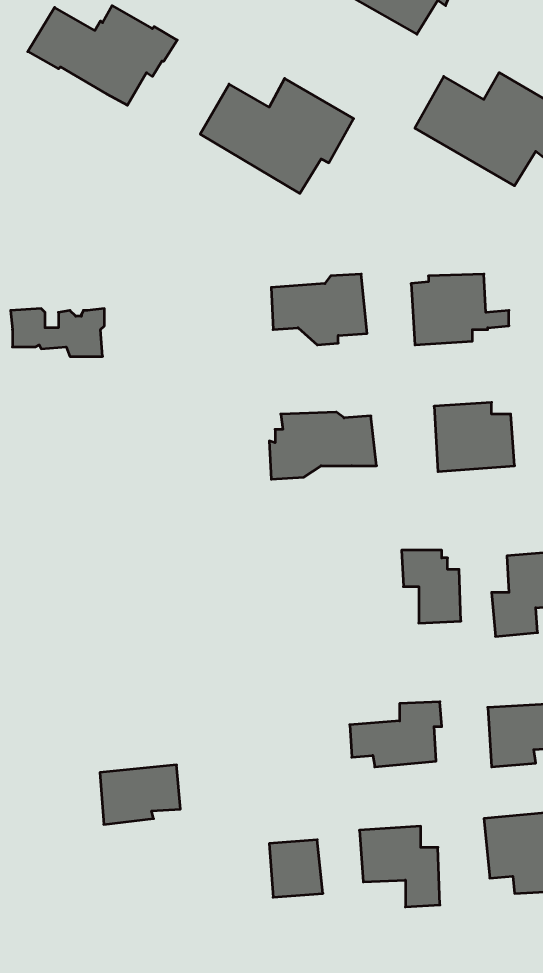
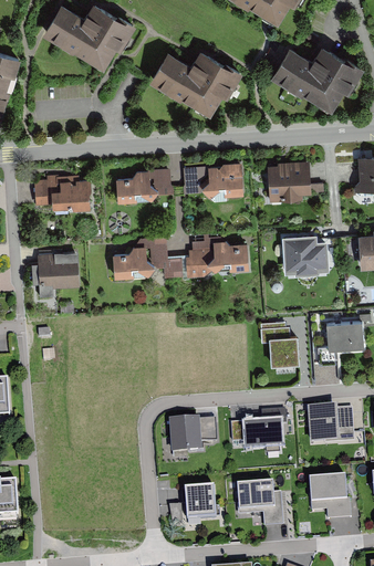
building: none -> [115,168,173,207]
building: none -> [112,238,183,281]
building: none -> [37,253,80,298]
building: [100,765,180,824] -> [170,416,217,450]

